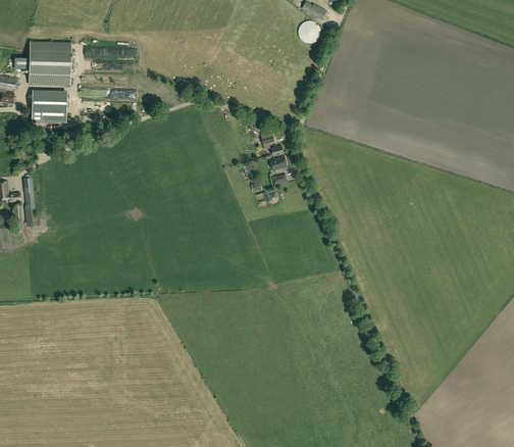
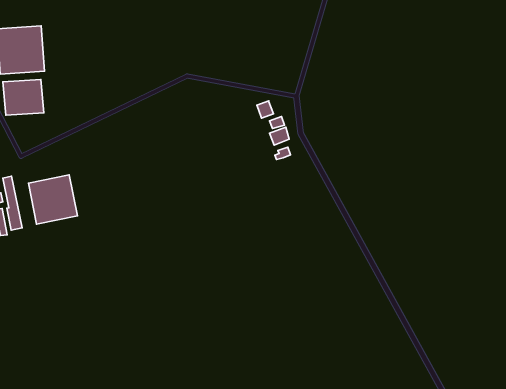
building: none -> [28,175,77,224]

